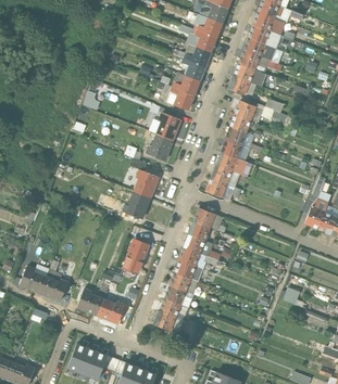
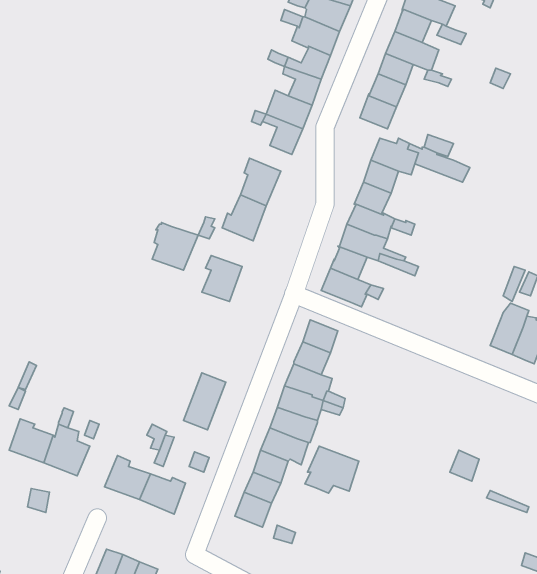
building: [124,190,151,218] -> [152,222,198,270]
building: none -> [305,446,359,493]

